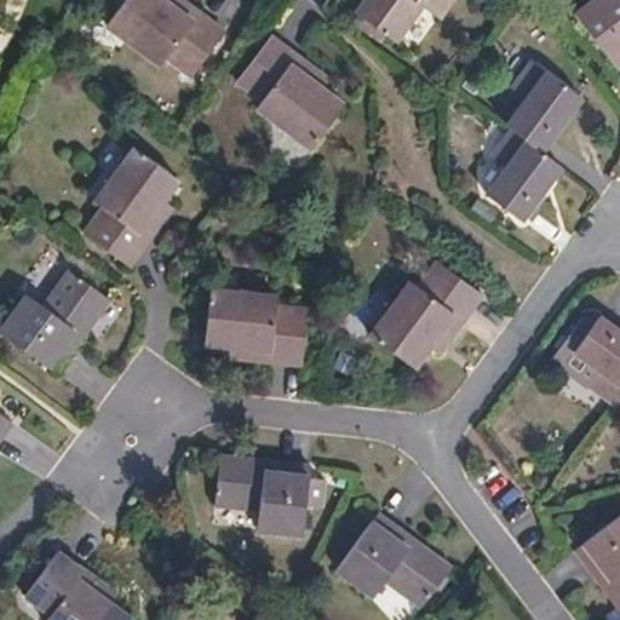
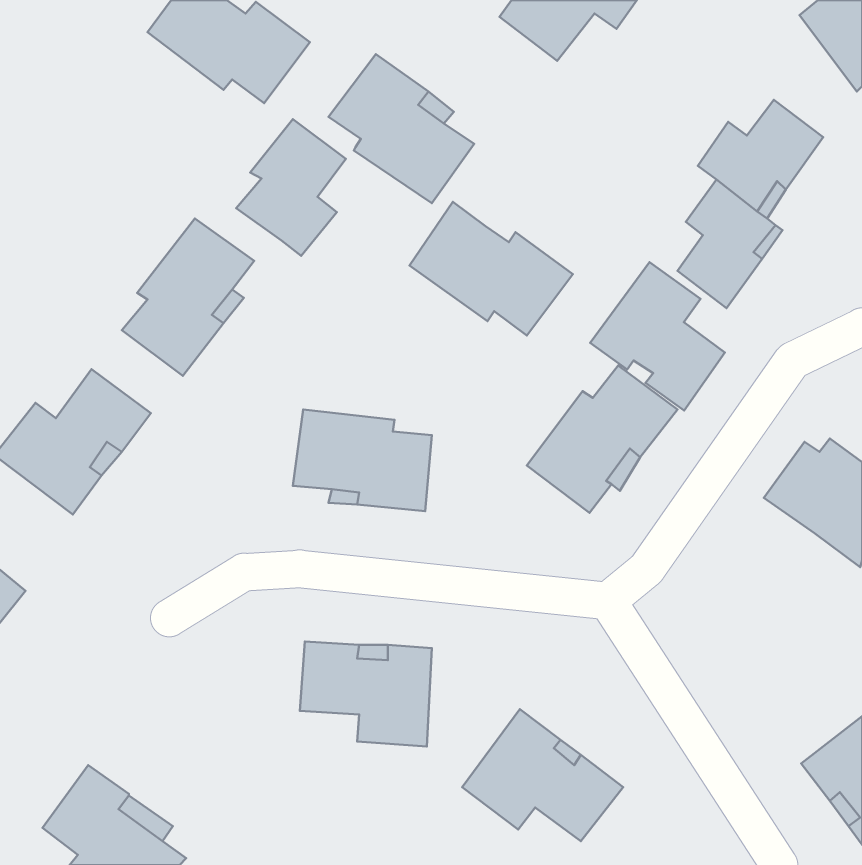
building: none -> [236,119,346,256]
building: none -> [410,202,573,335]
building: none -> [590,262,725,411]

